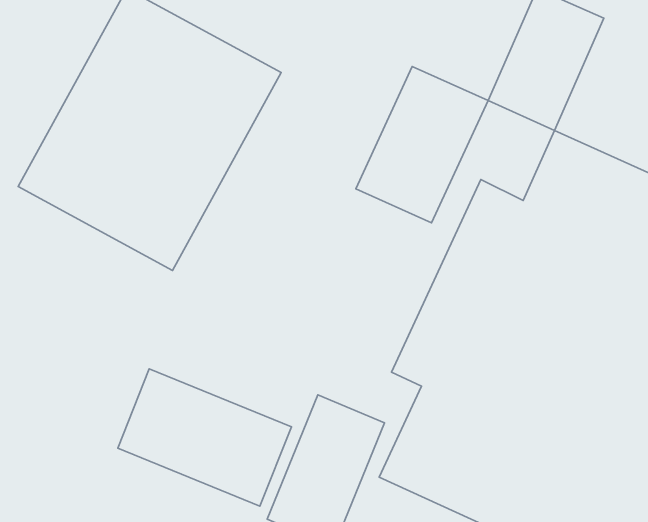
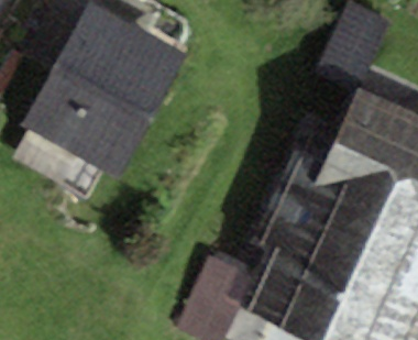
building: [356,67,488,223] -> none
building: [118,369,291,506] -> none

